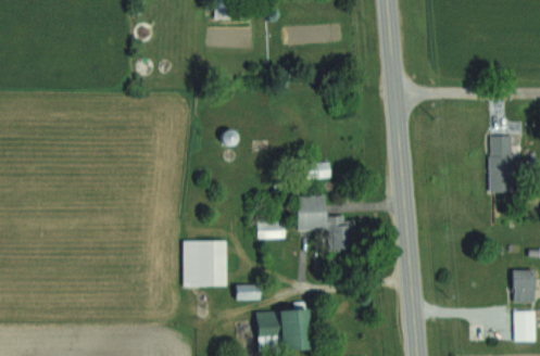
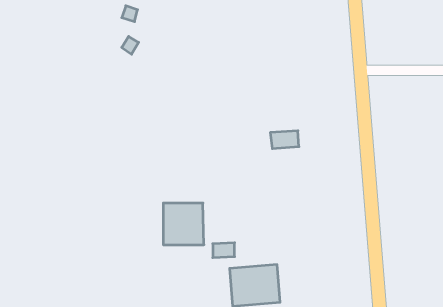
building: [296,194,356,249] -> none
building: [253,219,285,240] -> none

